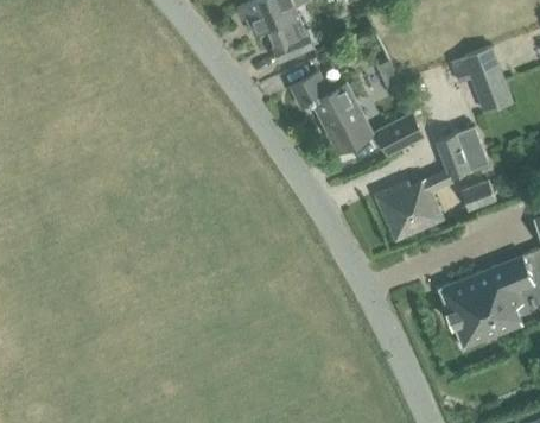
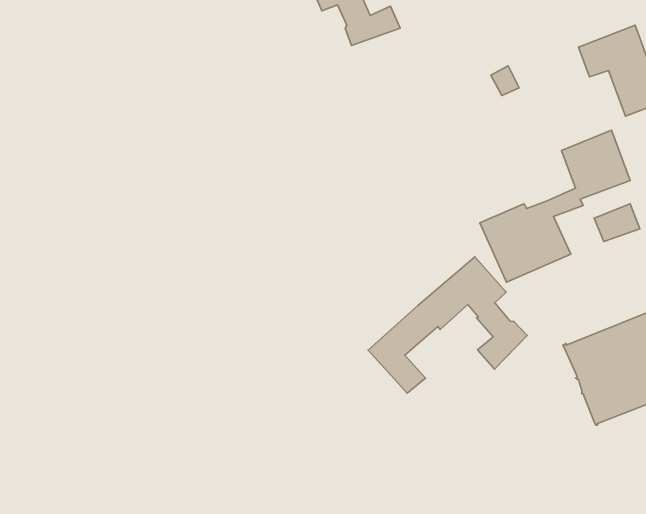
building: [290,72,371,152] -> none
building: [376,115,421,153] -> none
building: none -> [368,257,527,393]

